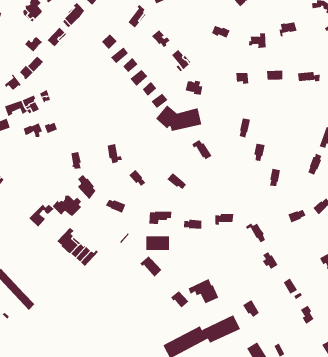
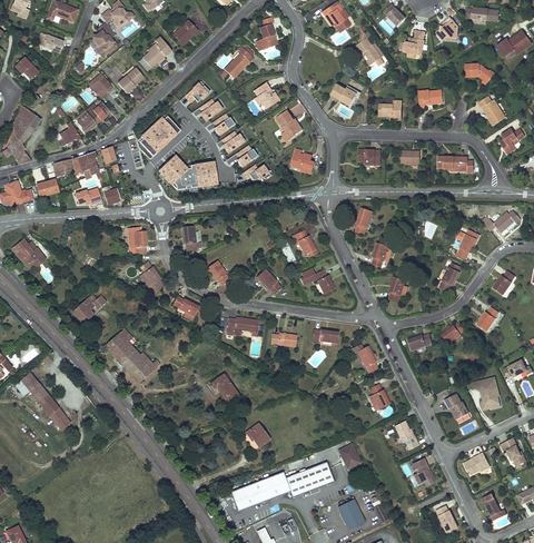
building: none -> [137,115,181,157]
building: [155,105,202,132] -> [157,155,217,190]
building: none -> [300,268,335,293]
building: [52,195,82,216] -> none
building: [146,236,169,251] -> none
building: [188,278,219,304] -> none

